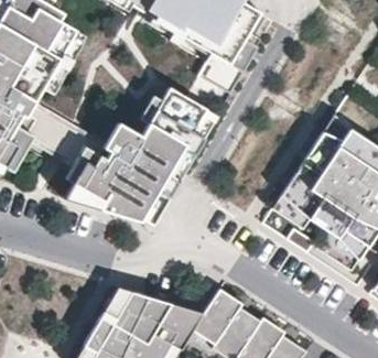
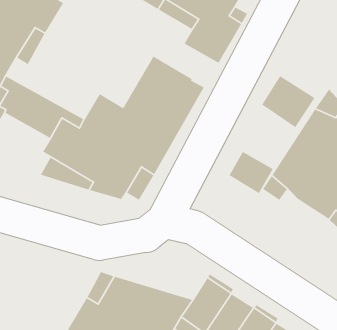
building: none -> [261,75,315,128]
building: none -> [229,151,274,194]

